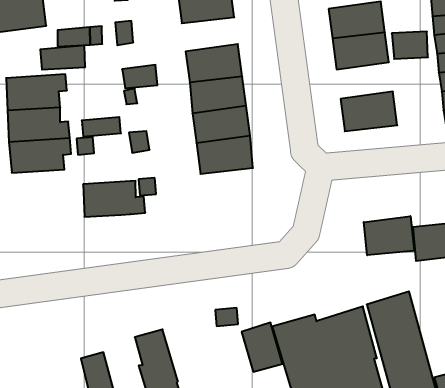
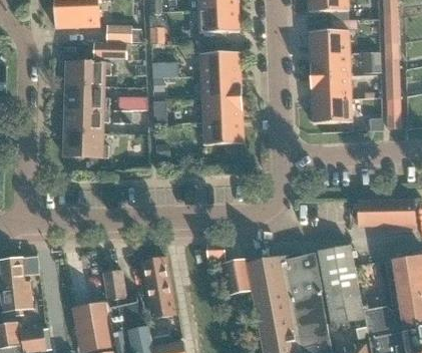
building: none -> [311,75,351,99]
building: [83,181,145,217] -> [63,132,108,157]
building: [364,216,414,255] -> none

